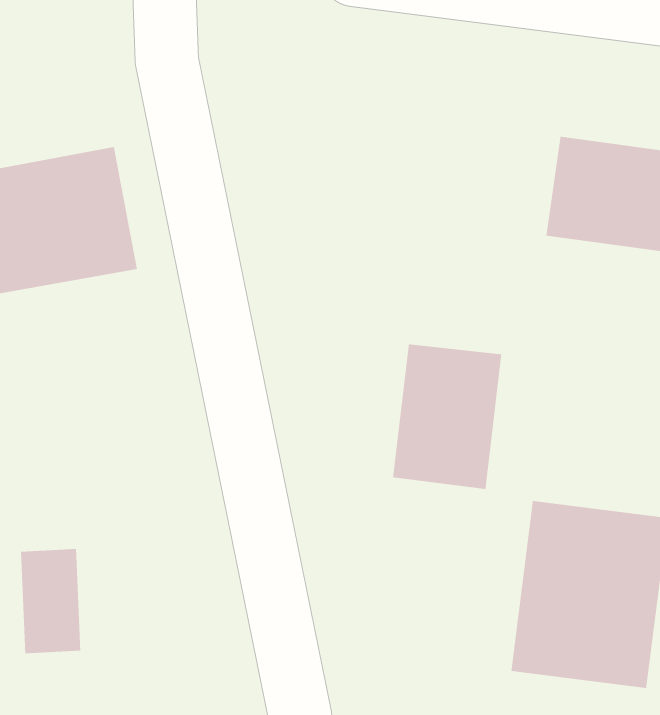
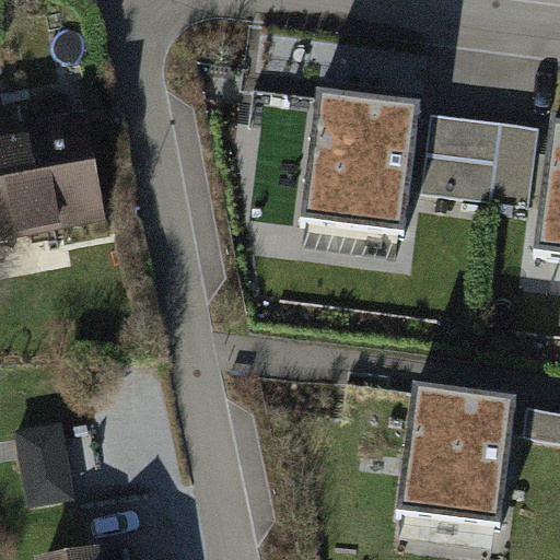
building: none -> [301,91,419,231]
building: [392,344,502,490] -> none

